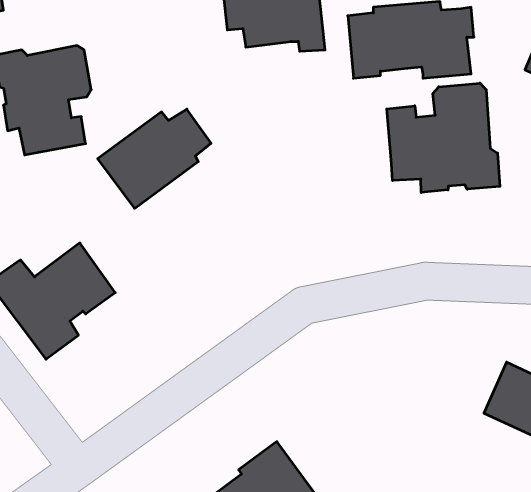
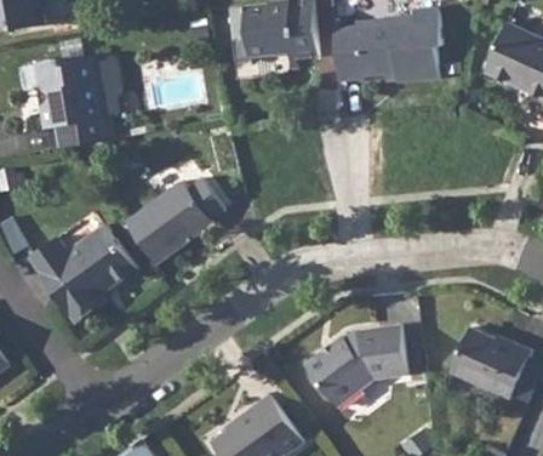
building: [387,83,500,193] -> none
building: [98,109,211,208] -> [125,181,222,266]
building: none -> [307,323,407,404]

